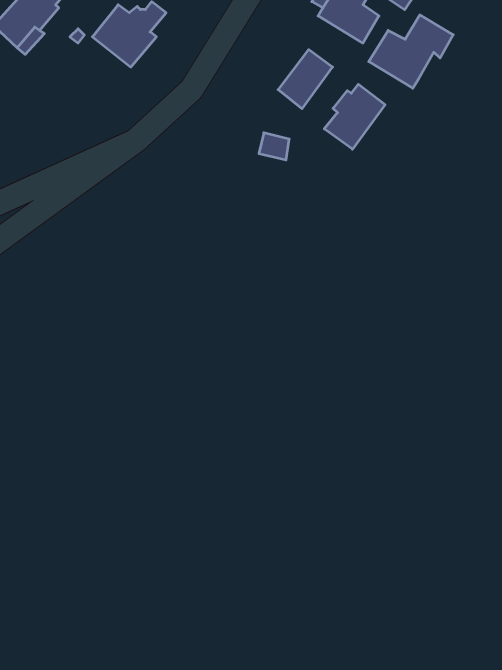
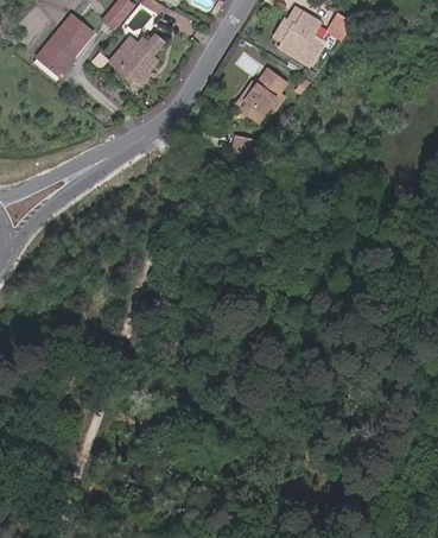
building: [369,15,453,88] -> none
building: [324,84,385,149] -> none

